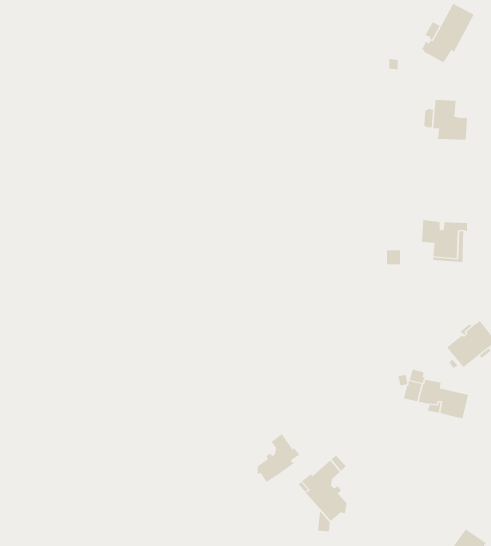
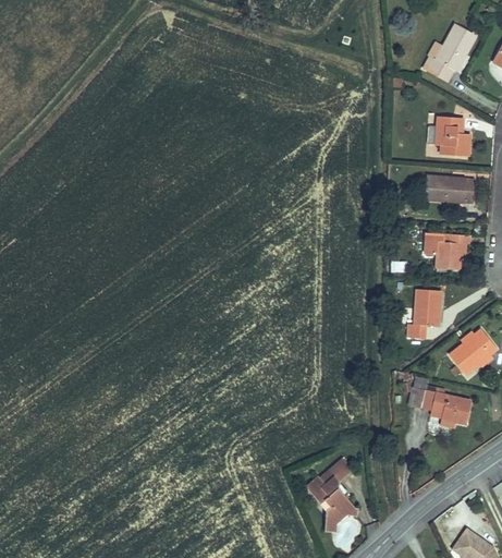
building: none -> [425,175,475,203]
building: none -> [407,289,441,339]
building: [257,433,300,483] -> none

